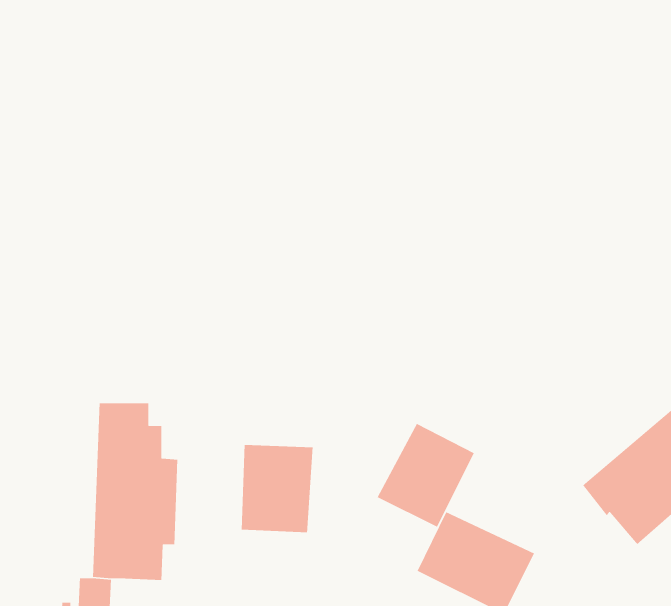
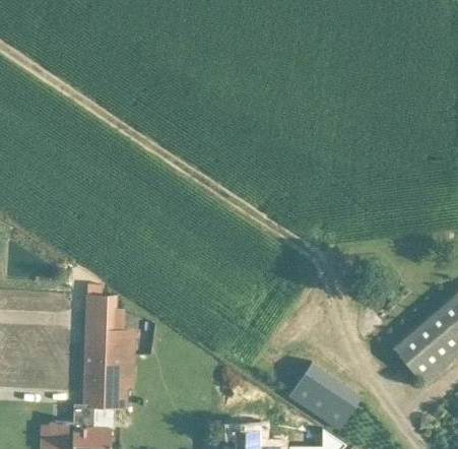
building: [377,423,475,528] -> none
building: [241,444,313,533] -> none

